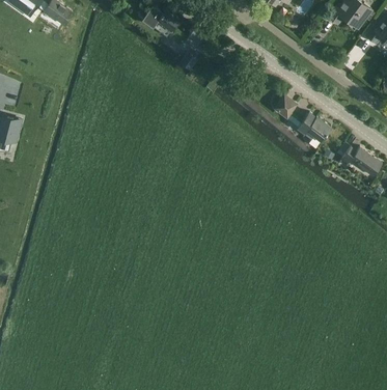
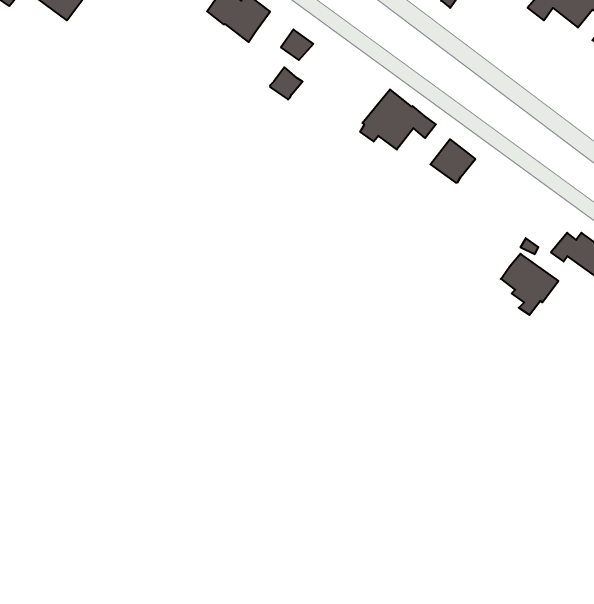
building: none -> [360,89,436,150]
building: [298,113,331,148] -> [501,254,558,315]

